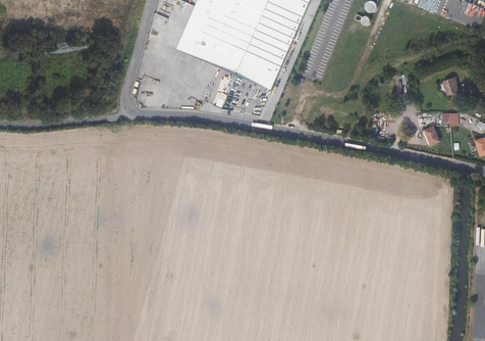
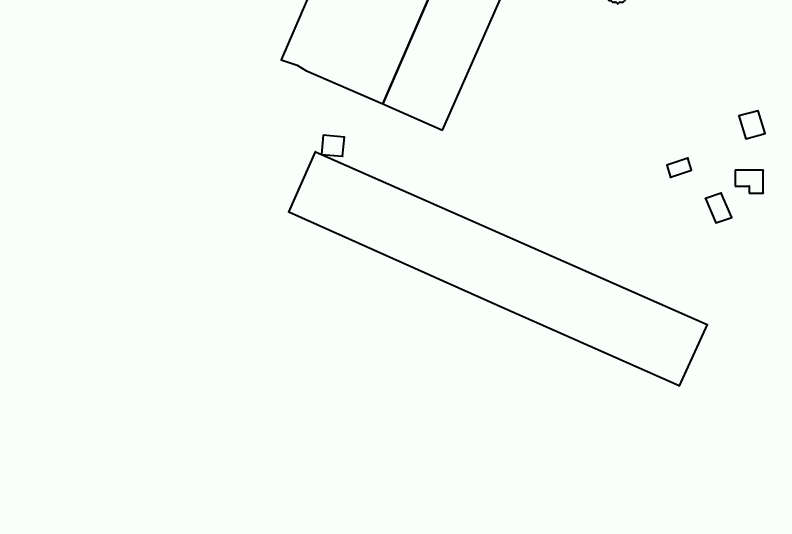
building: none -> [289,152,707,386]

